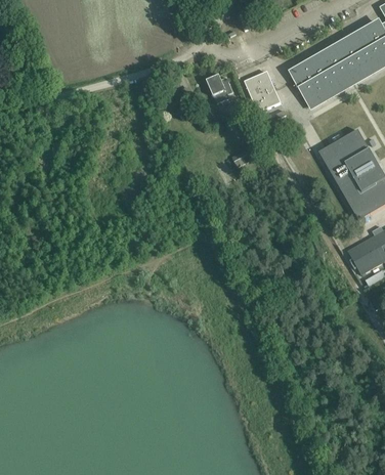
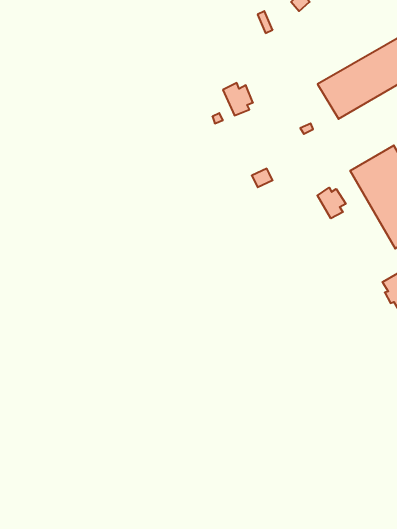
building: [245,71,281,112] -> none
building: none -> [317,188,346,218]

